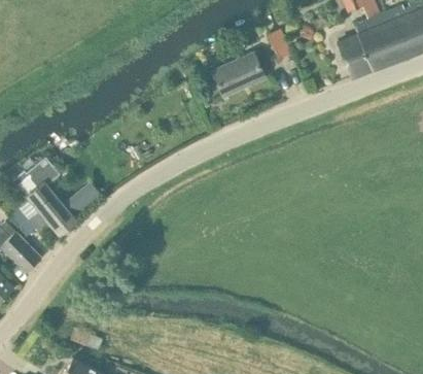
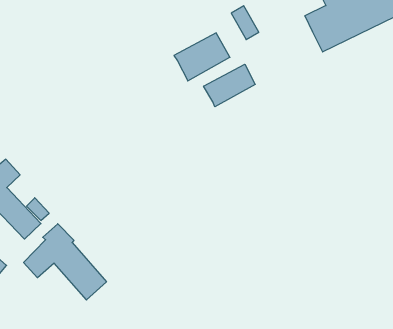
building: none -> [204,64,255,107]
building: none -> [24,224,106,300]

